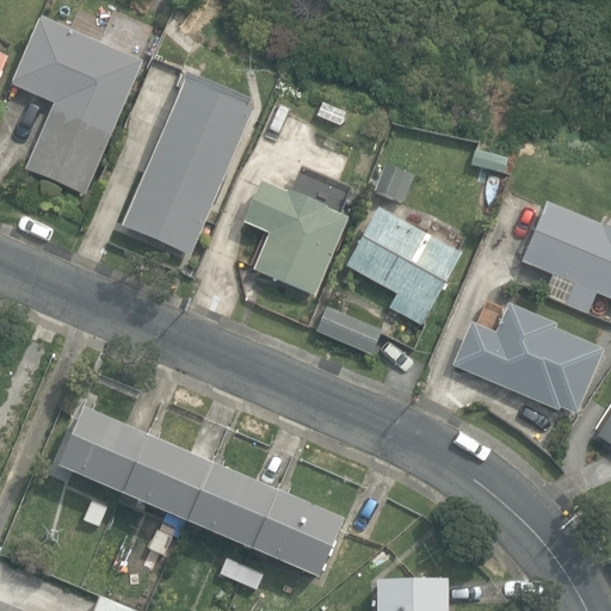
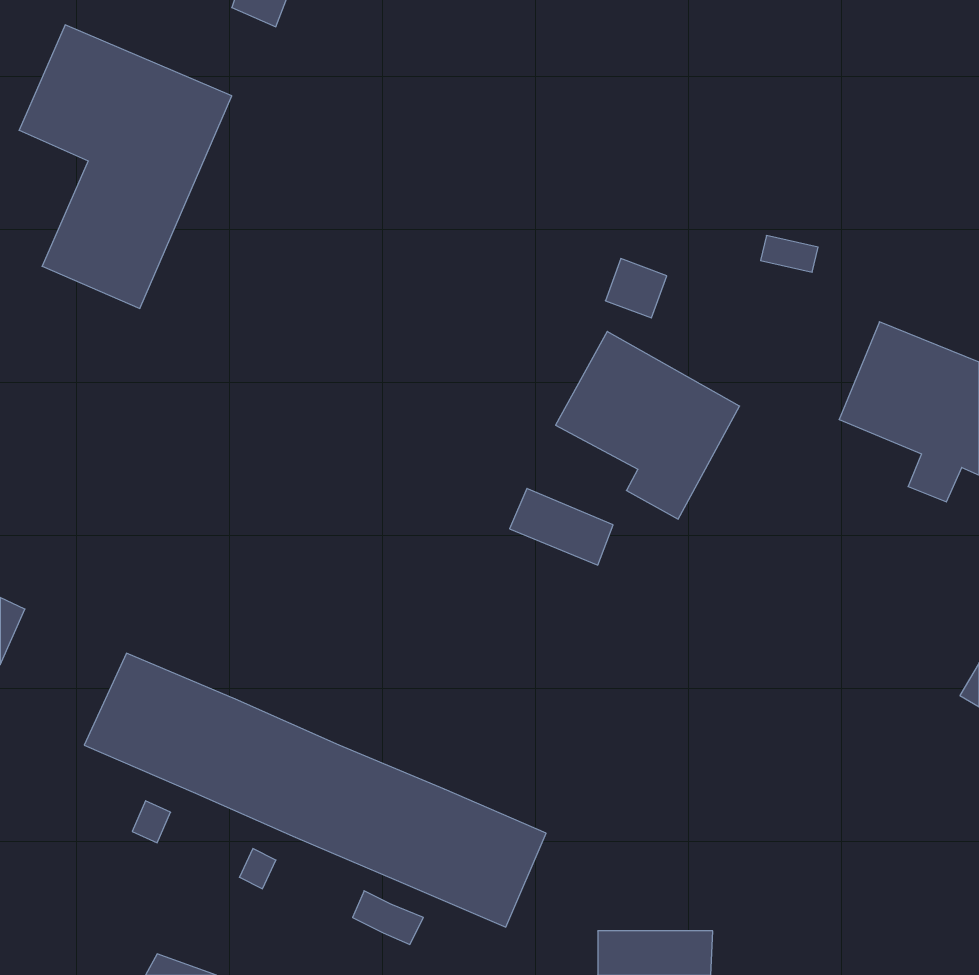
building: [123,80,253,253] -> none
building: [243,179,348,294] -> none
building: [461,311,597,406] -> none

